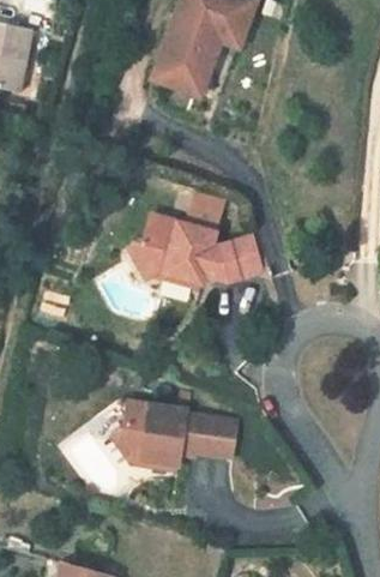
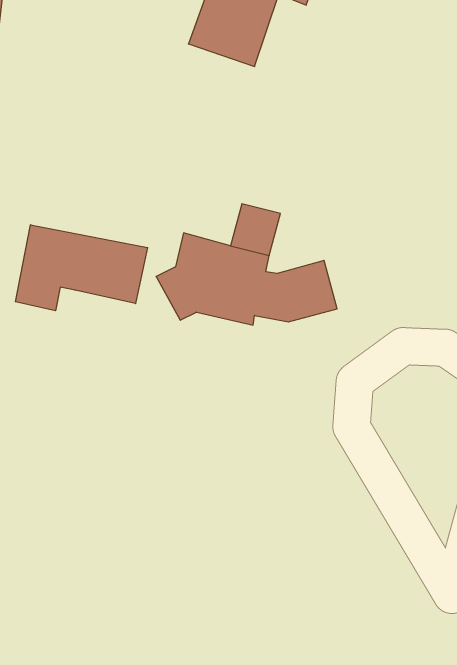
building: none -> [15,225,148,311]
building: [110,401,234,468] -> none

